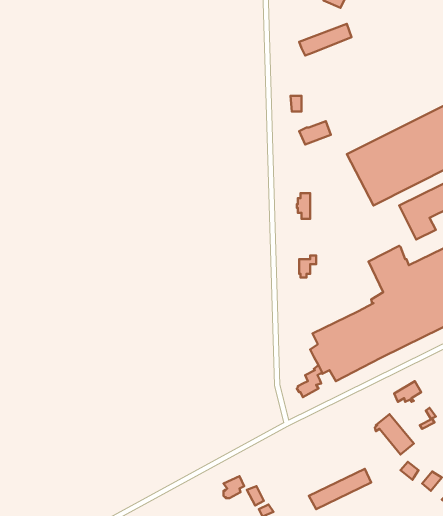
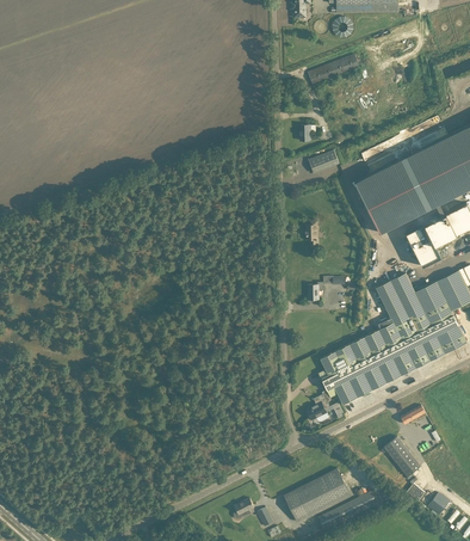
building: none -> [283,468,350,522]

